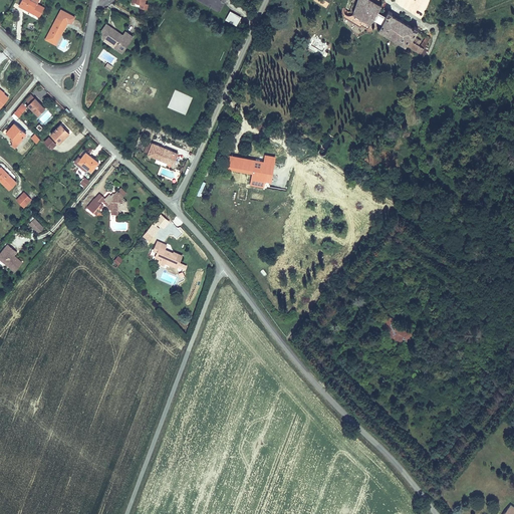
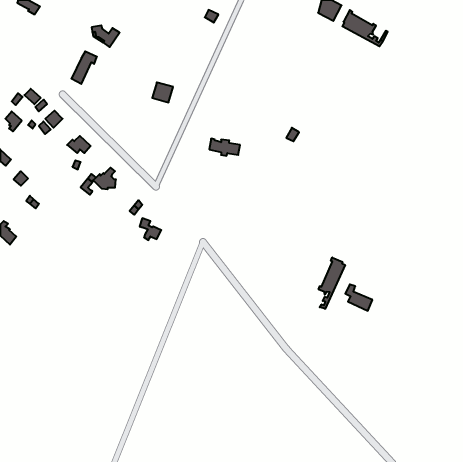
building: [46,10,74,46] -> [71,51,97,84]
building: [144,142,179,165] -> none
building: none -> [319,257,345,309]

